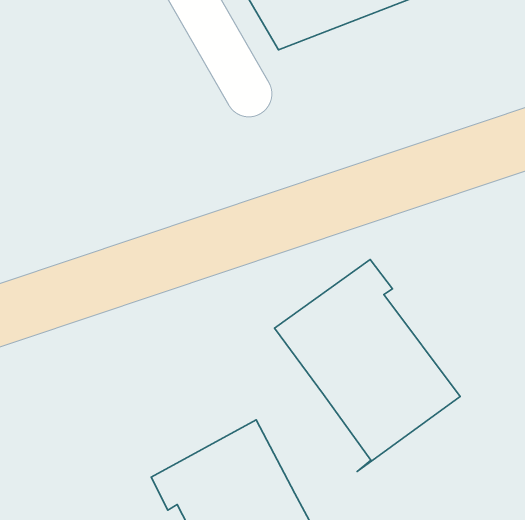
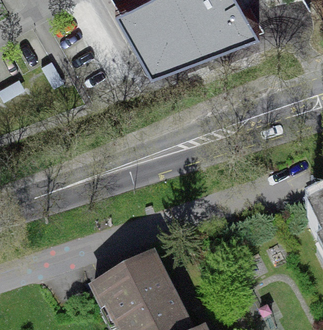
building: [275,260,460,472] -> none

